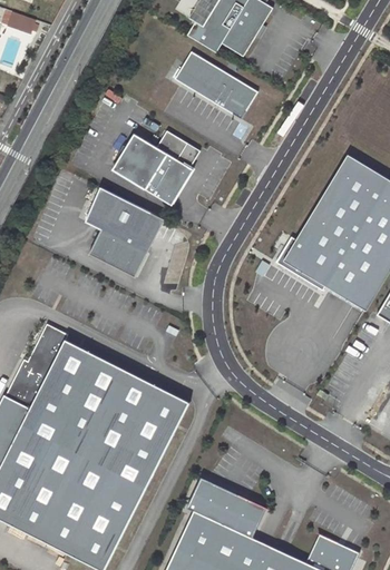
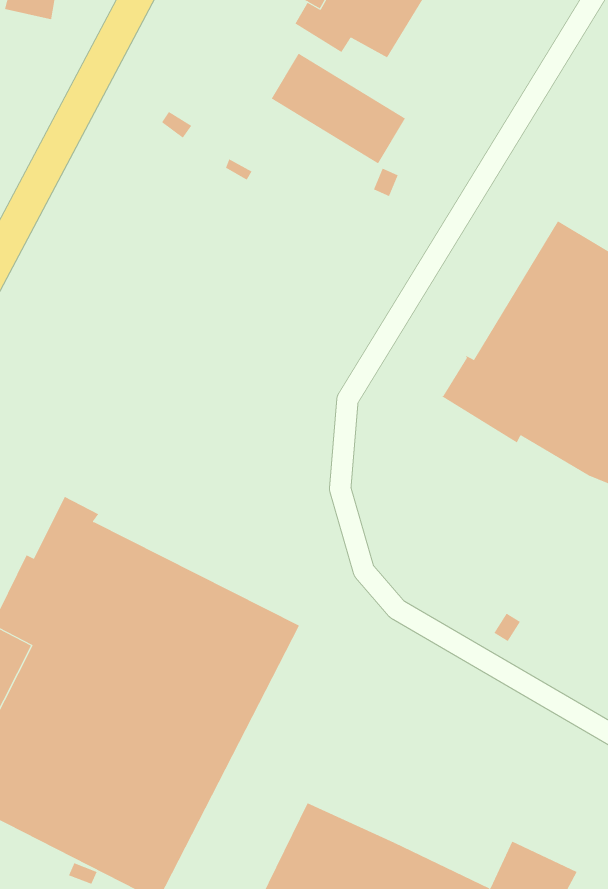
building: [109,131,198,206] -> none
building: [84,186,153,277] -> none
building: [184,476,262,534] -> none

